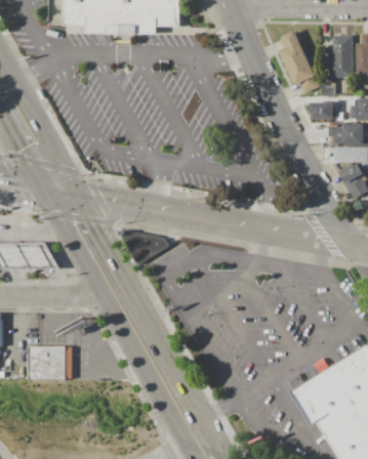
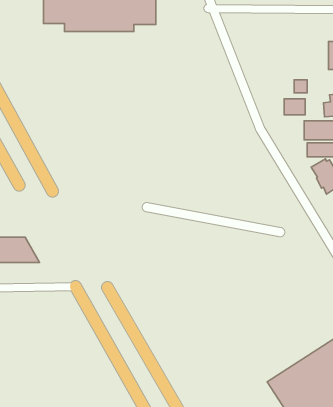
building: [279,30,319,92] -> none
building: [329,35,352,77] -> none
building: [117,230,168,263] -> none
building: [30,346,72,379] -> none

